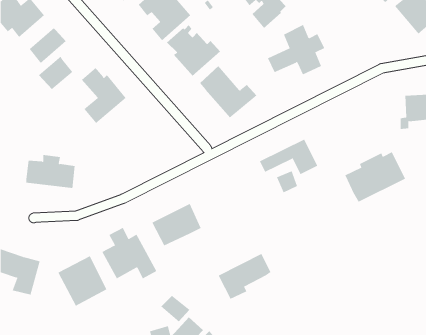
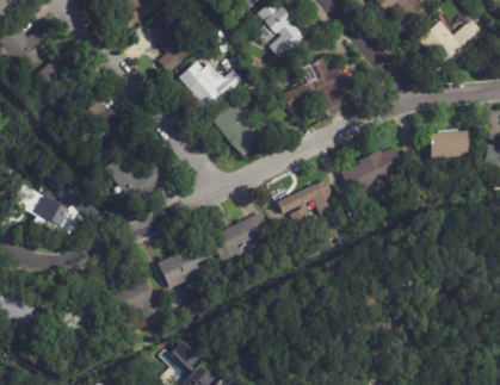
building: none -> [106,147,168,204]
building: [344,151,406,202] -> [341,144,406,198]
building: [218,253,271,299] -> [214,213,270,262]

